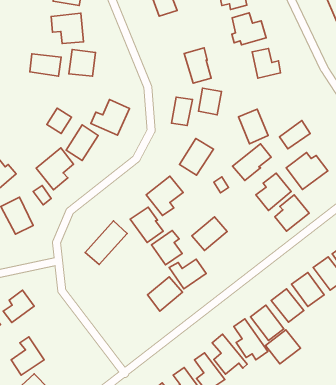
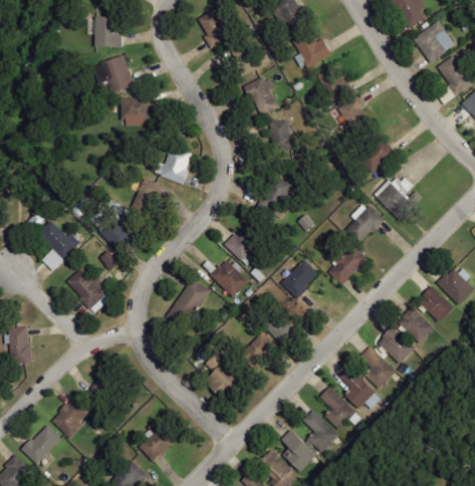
building: [30,54,61,76] -> none
building: [172,97,192,126] -> none
building: [47,108,72,133] -> none
building: [239,109,268,144] -> [337,97,373,137]
building: [232,144,271,180] -> none
building: [275,195,309,231] -> [328,245,366,286]
building: [152,230,182,265] -> none
building: none -> [207,355,245,401]
building: [265,330,300,364] -> none
building: [11,337,44,375] -> [140,420,176,463]

